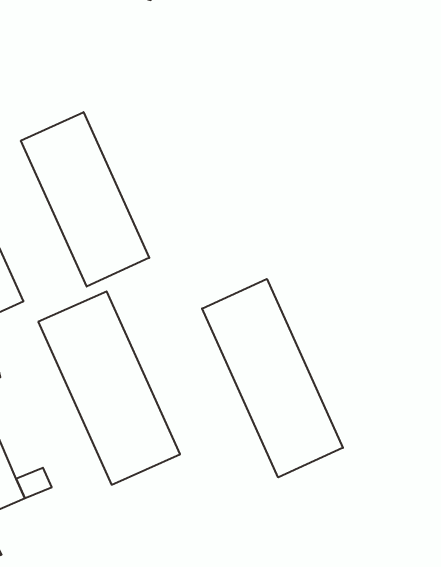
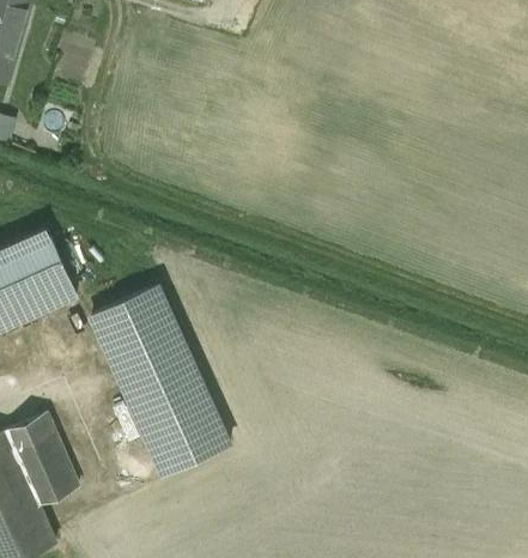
building: [21,112,149,287] -> none
building: [202,279,343,477] -> none

